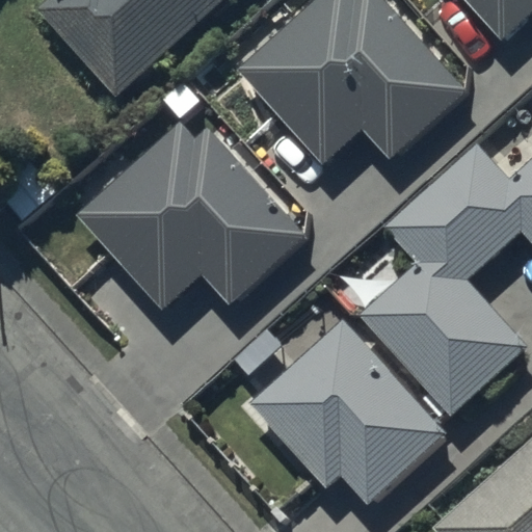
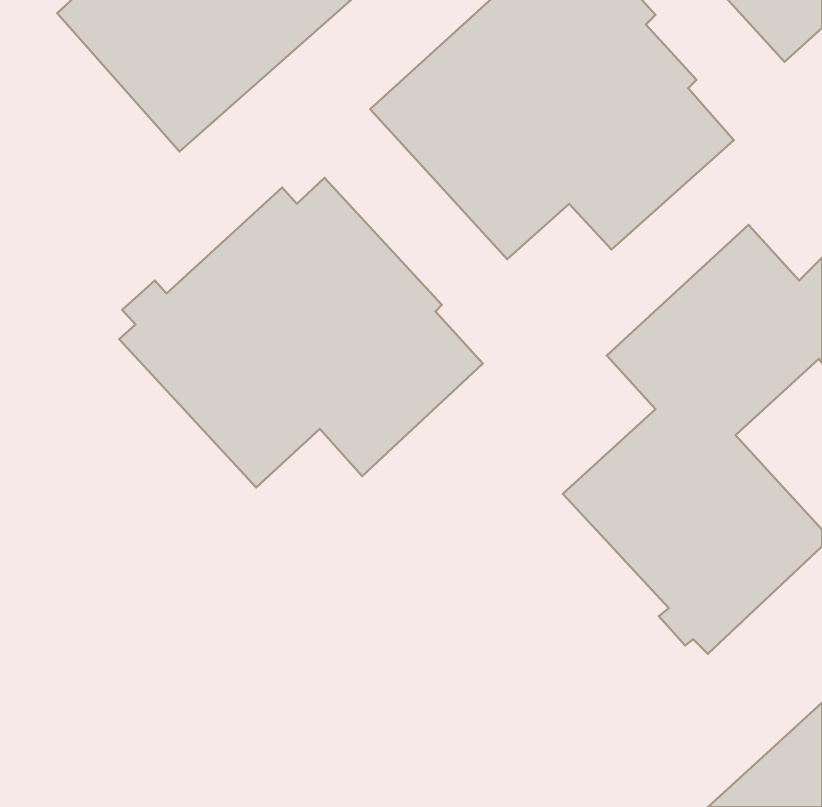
building: [235,318,445,503] -> none

